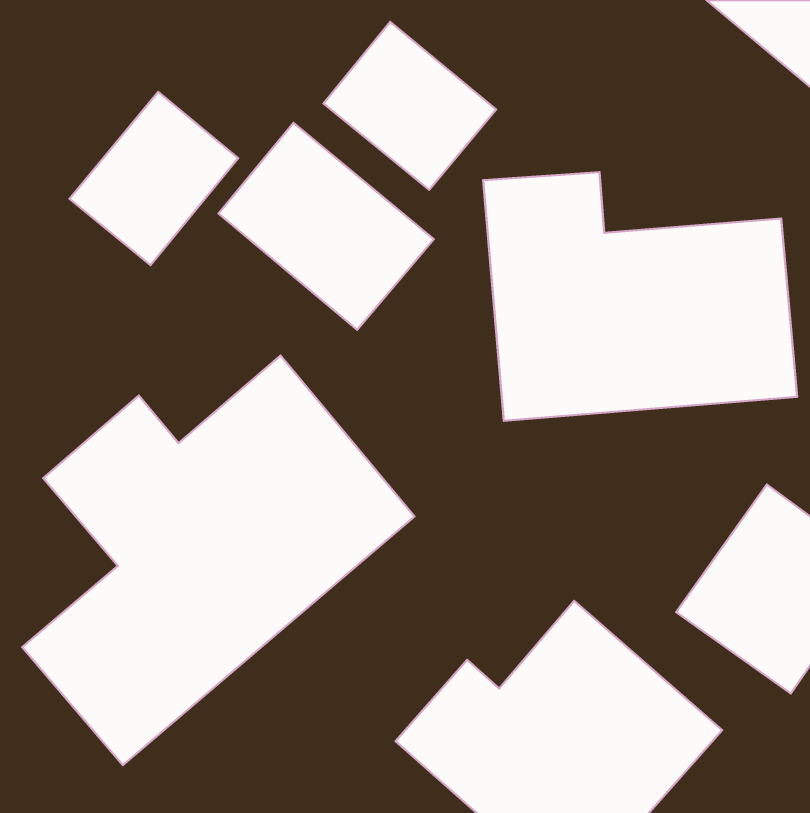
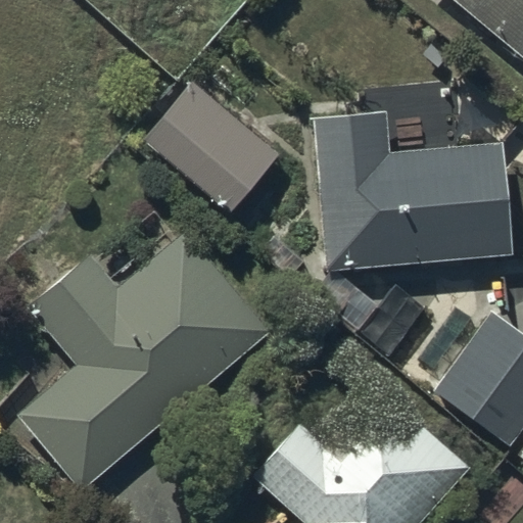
building: [323,22,496,190] -> none
building: [69,92,238,265] -> none

